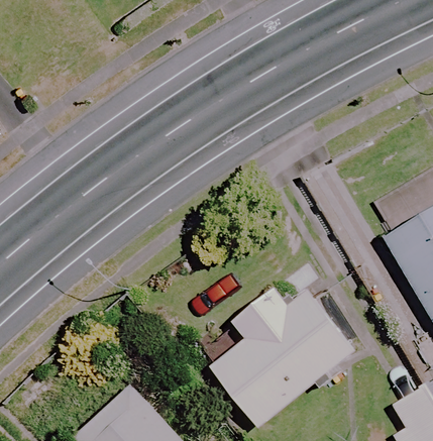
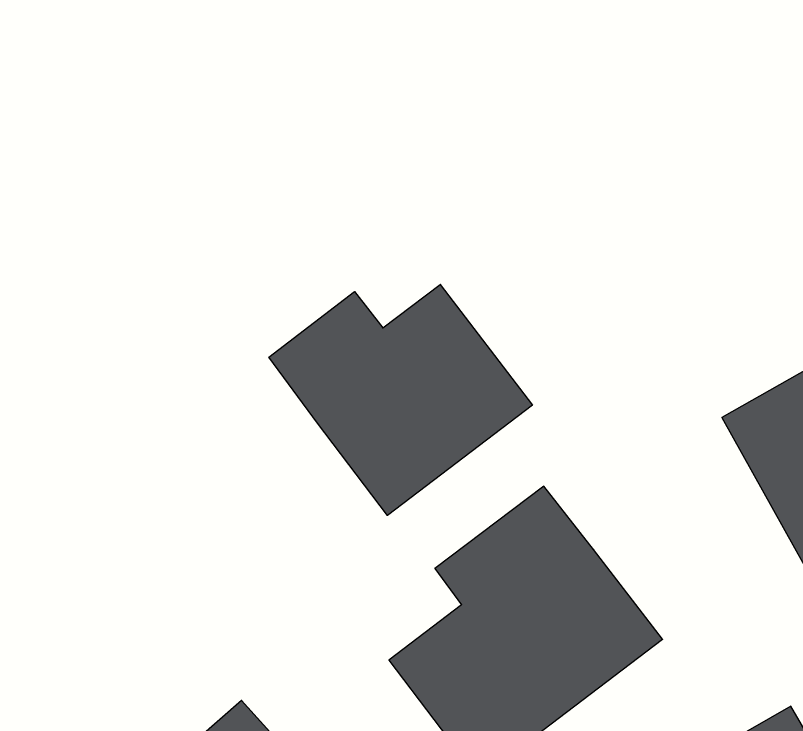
building: none -> [269,284,532,515]

